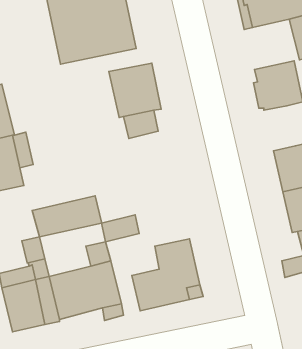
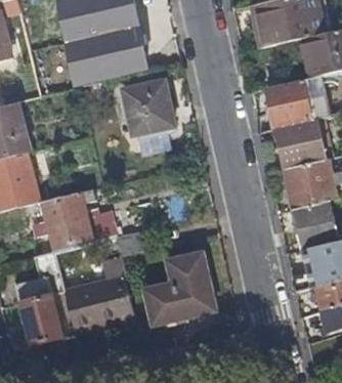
building: none -> [265,124,305,172]
building: none -> [42,189,96,226]

